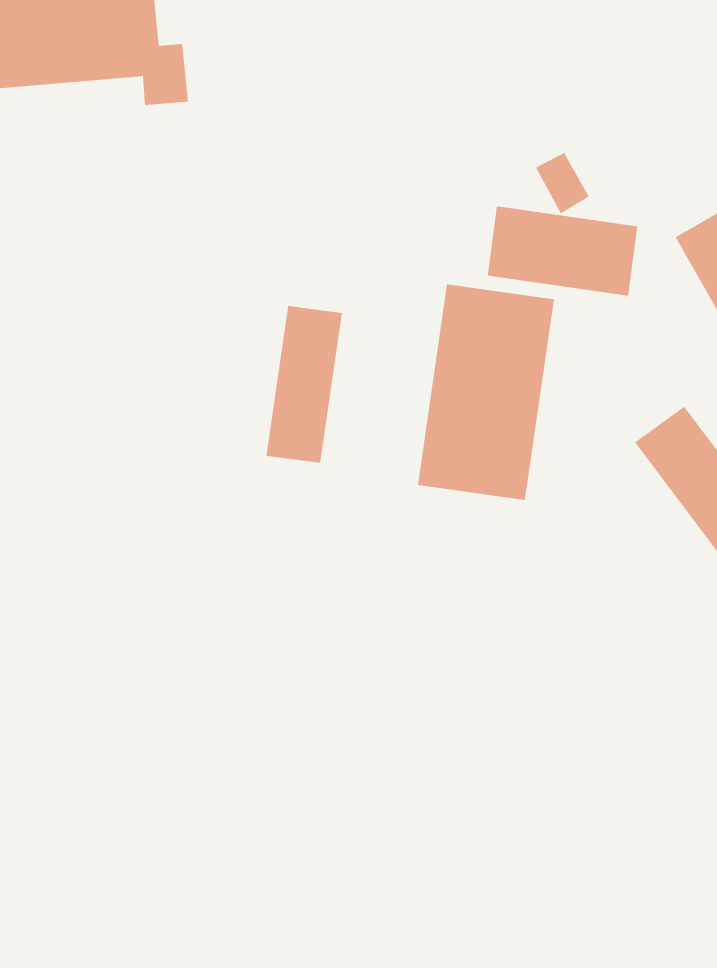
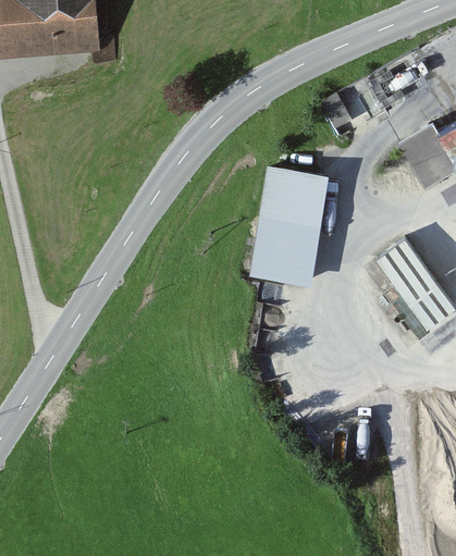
building: [487,205,638,297] -> none
building: [266,305,342,463] -> none

